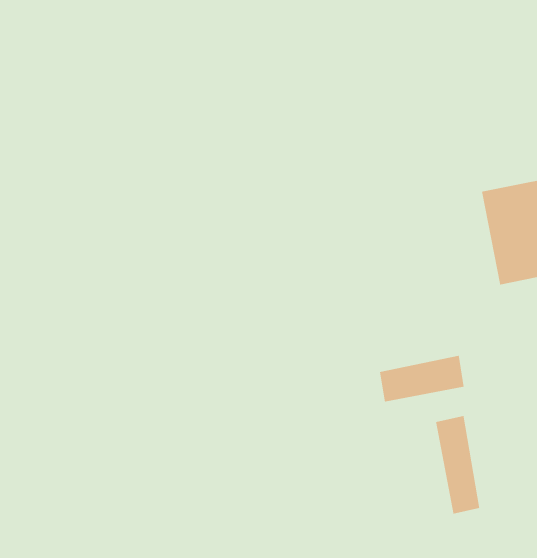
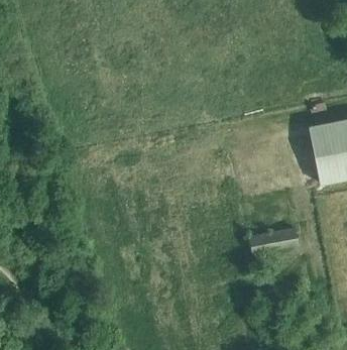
building: [436,415,480,514] -> none

